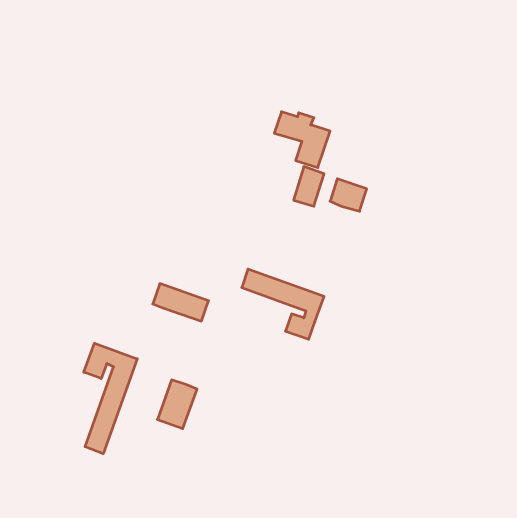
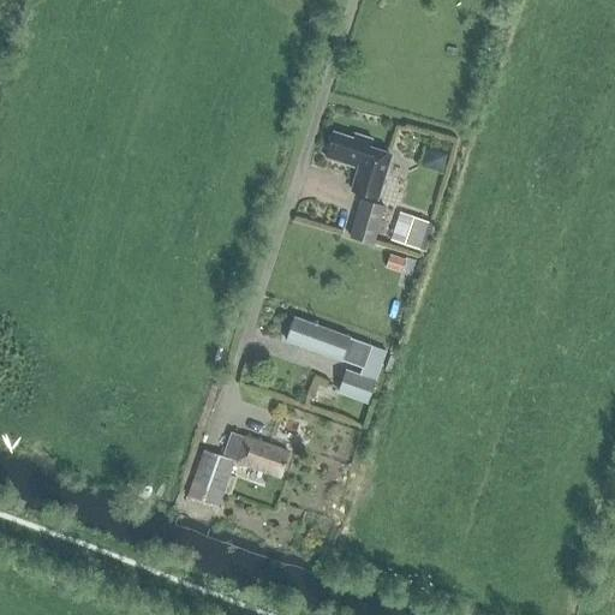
building: [153,284,209,321] -> [223,431,289,476]
building: [84,343,137,454] -> none

